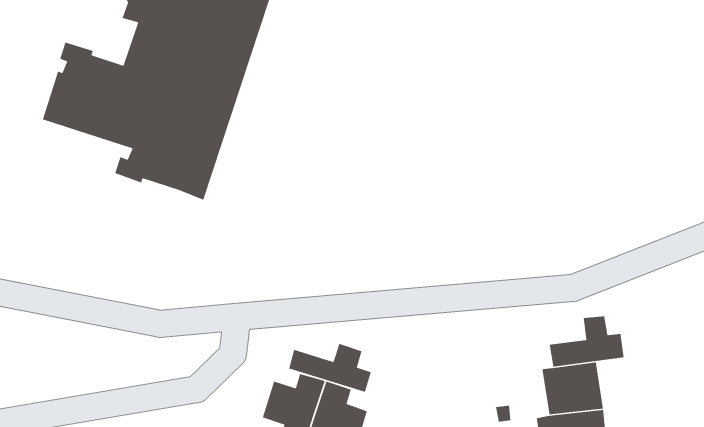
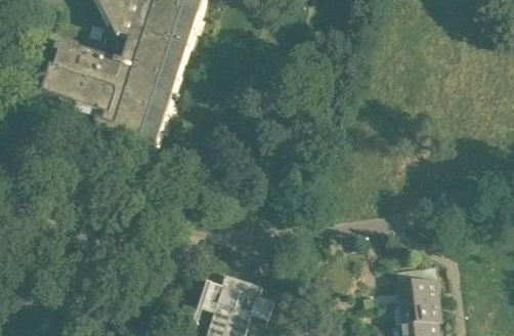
building: [549,315,624,367] -> none
building: [288,343,372,393] -> none

